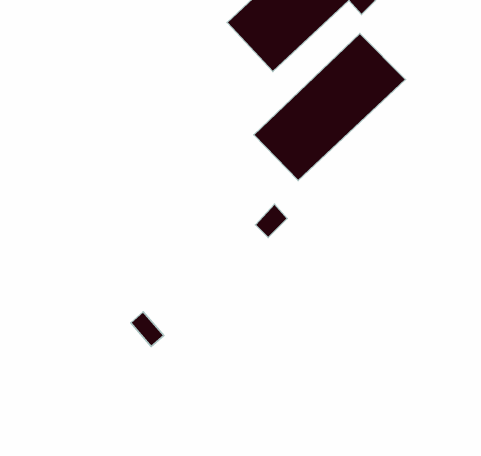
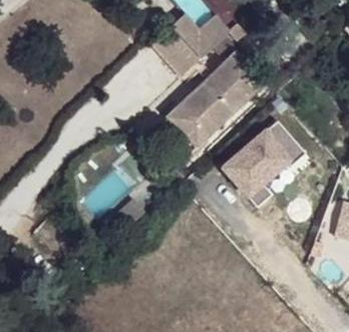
building: none -> [219,117,302,205]

